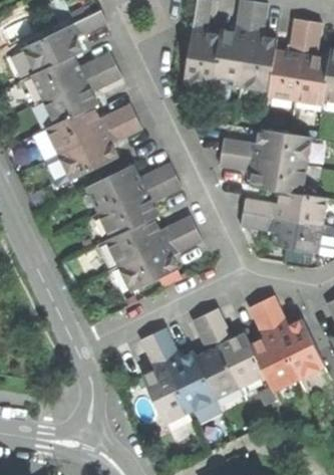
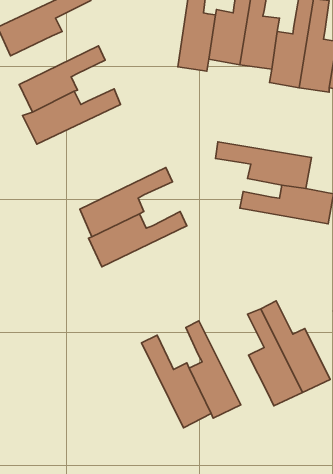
building: [29,52,113,99] -> none
building: [41,117,139,187] -> none
building: [222,130,311,166] -> none
building: [83,162,175,213] -> none
building: [240,212,322,252] -> none
building: [116,228,201,291] -> none
building: [205,308,267,391] -> none
building: [140,334,191,424] -> none

